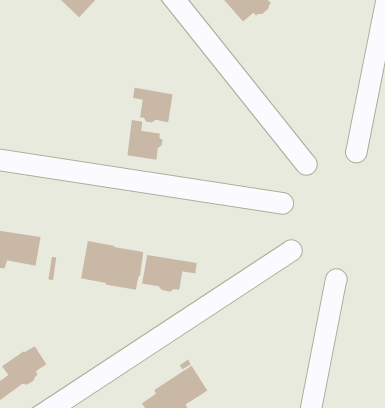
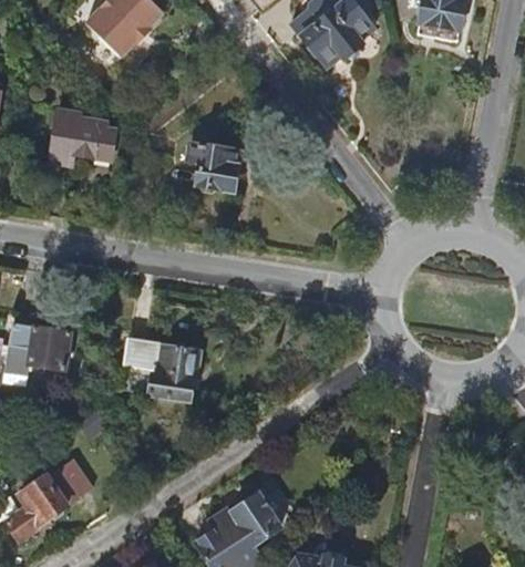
building: none -> [48,107,115,163]
building: [127,119,163,161] -> none
building: [141,254,198,292] -> none

